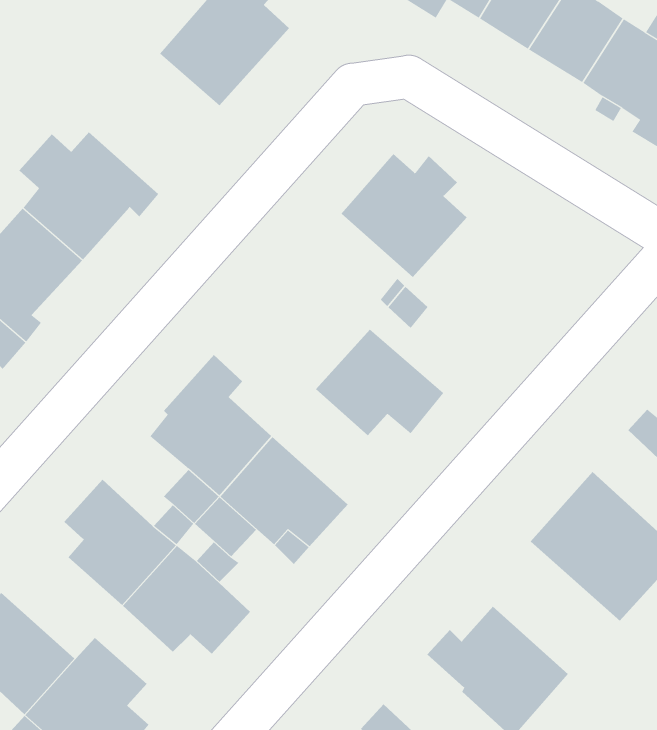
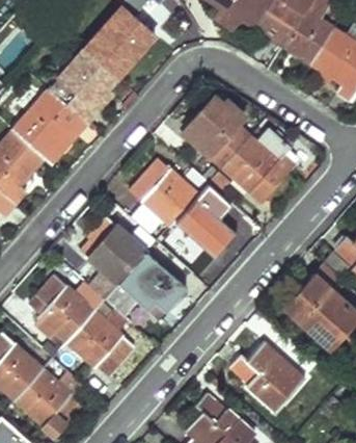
building: none -> [49,48,118,123]
building: none -> [221,128,296,203]
building: none -> [129,157,198,227]

